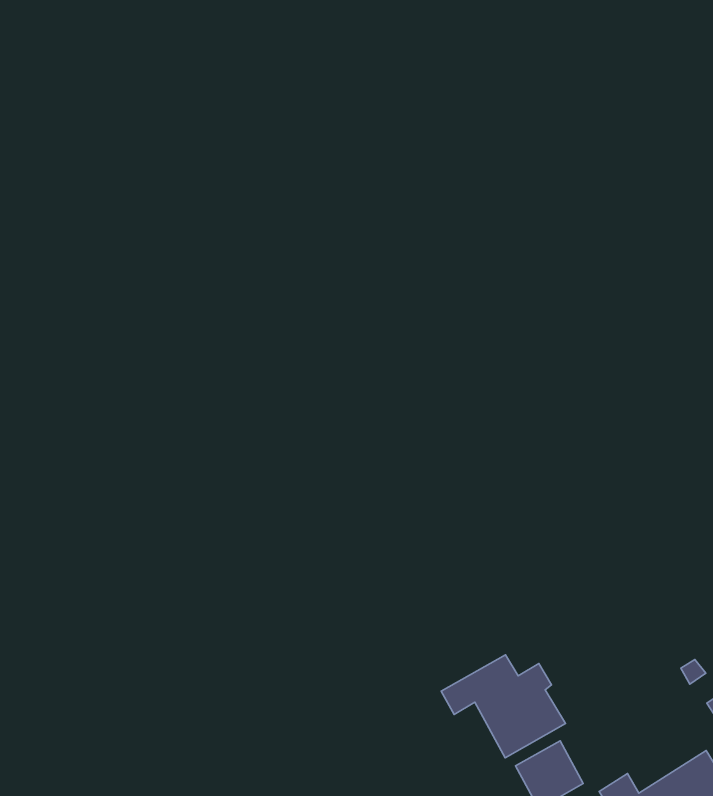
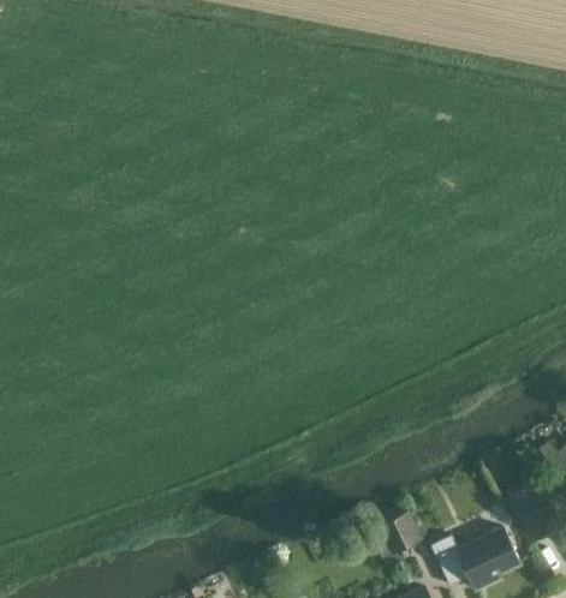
building: [441,655,565,758] -> none

